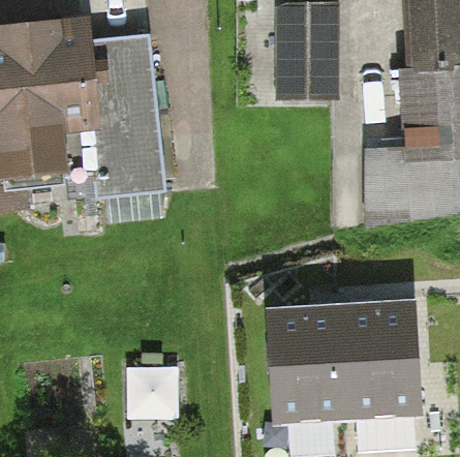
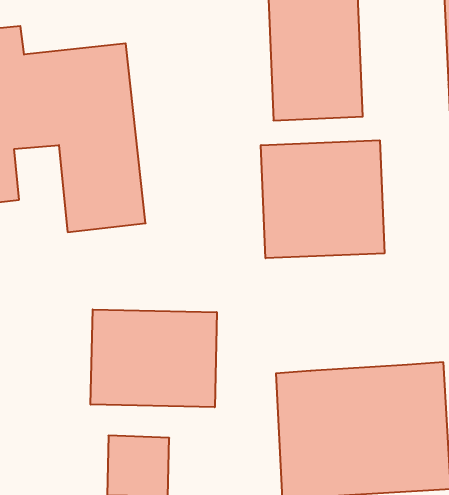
building: none -> [261,140,384,258]
building: none -> [91,309,217,407]

